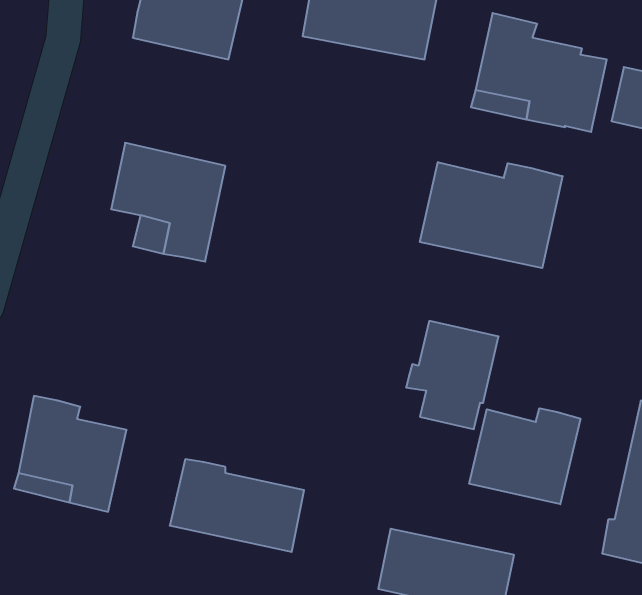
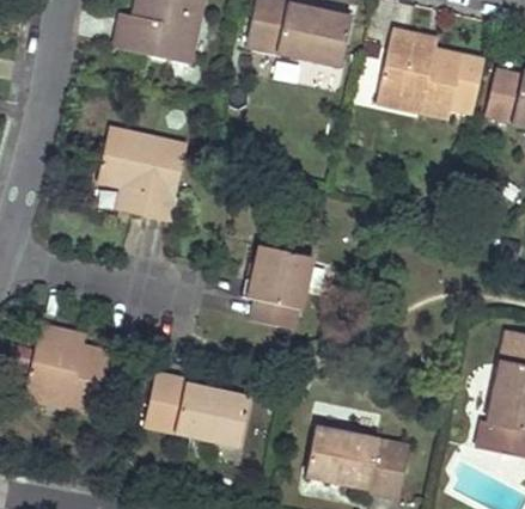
building: [420,162,563,268] -> none
building: [406,321,499,429] -> [243,245,315,329]
building: [469,408,580,504] -> none

